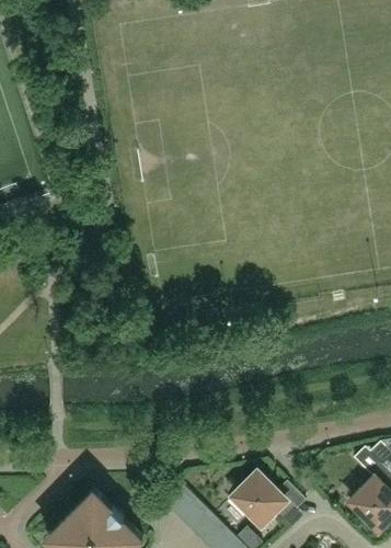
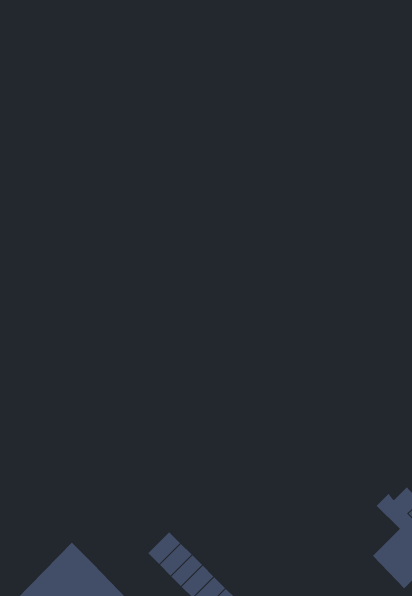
building: [232,472,304,524] -> none

